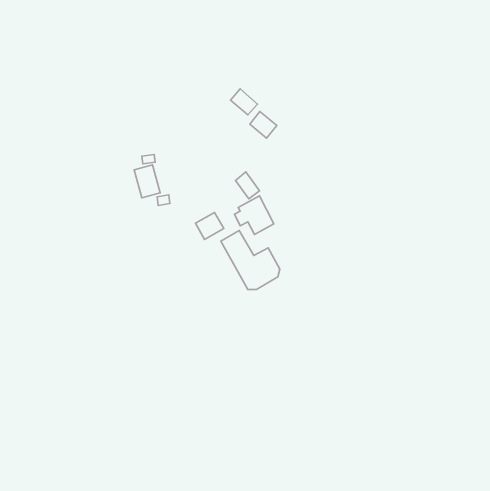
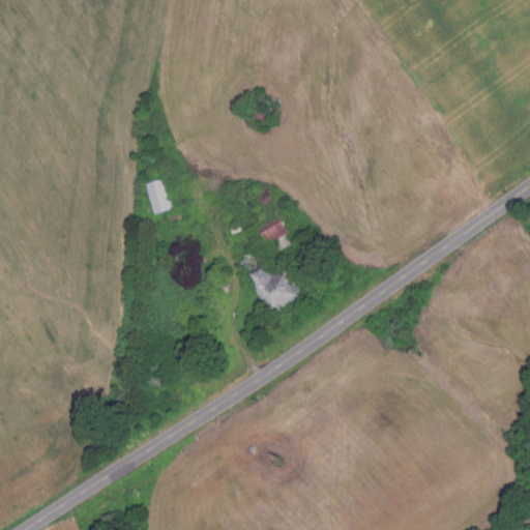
building: [250,112,277,138] -> none
building: [195,213,224,239] -> none

